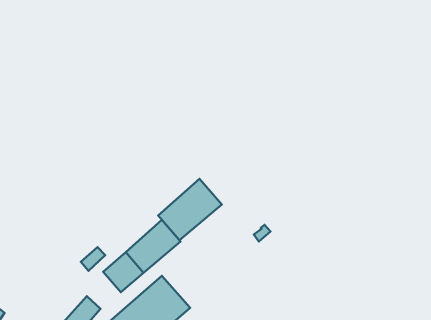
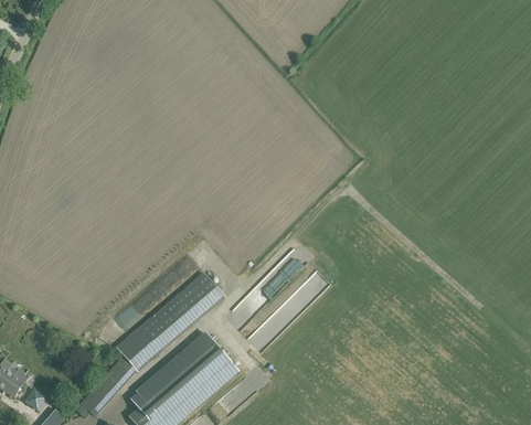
building: [158,179,222,240] -> none
building: none -> [118,327,159,368]

